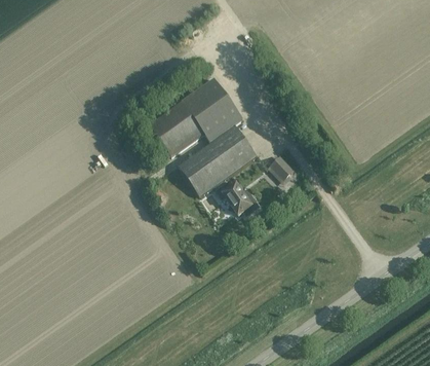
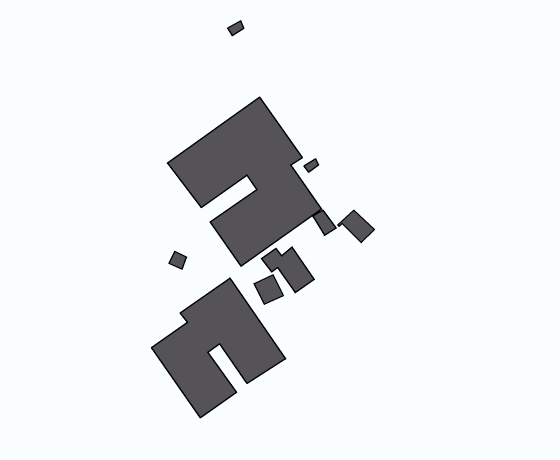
building: none -> [152,278,286,418]

